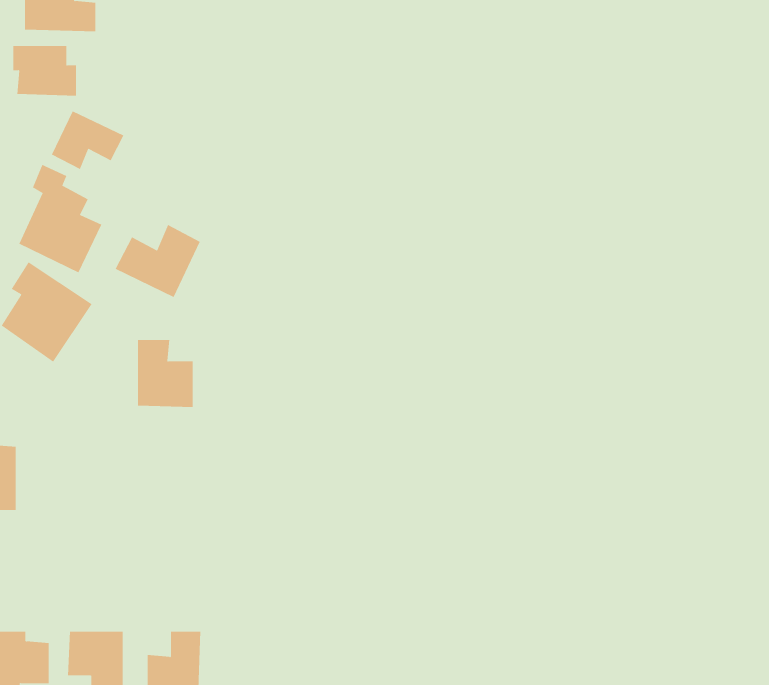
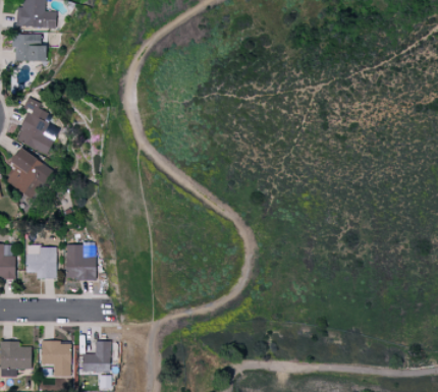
building: [51,110,124,170] -> none
building: [115,224,201,298] -> none
building: [137,340,193,408] -> [66,244,96,280]
building: none -> [25,247,57,279]

